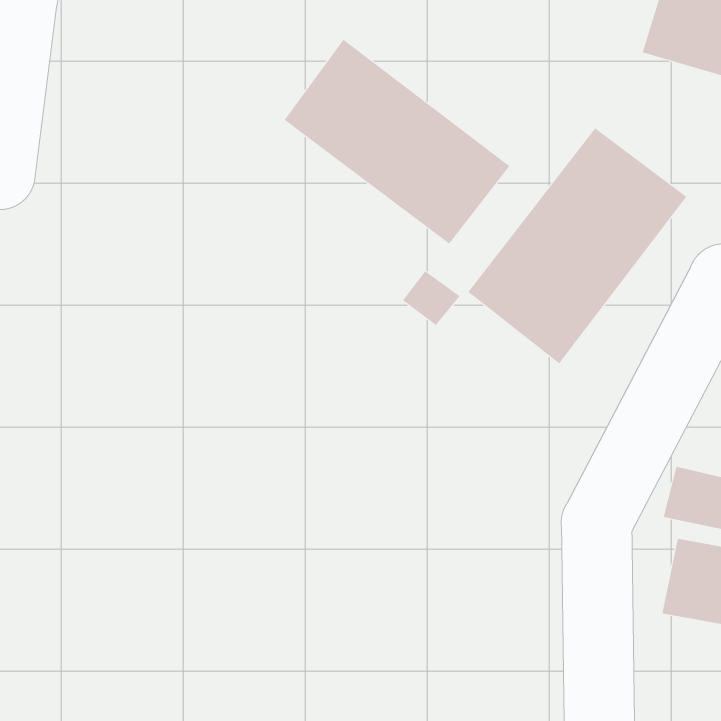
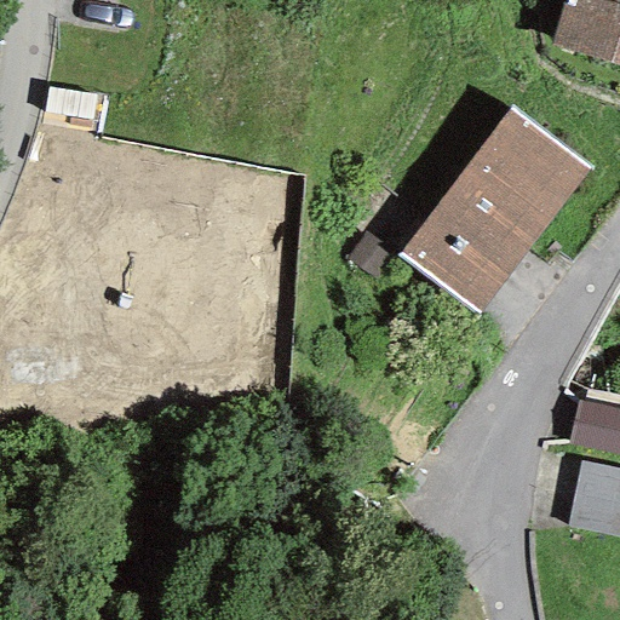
building: [284,39,510,244] -> none

